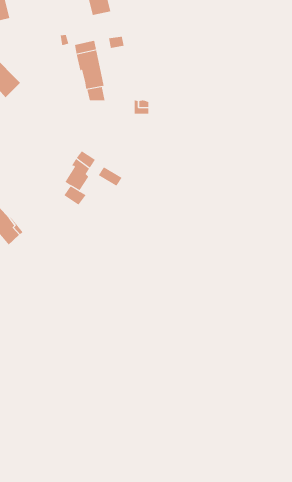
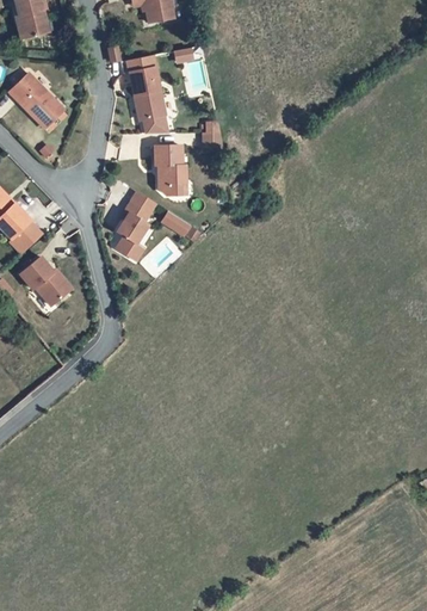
building: none -> [160,140,190,189]

